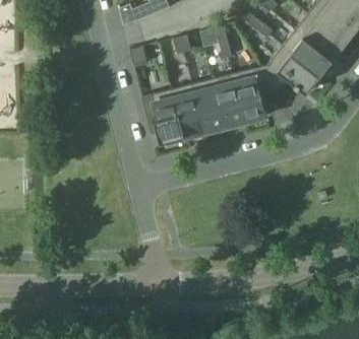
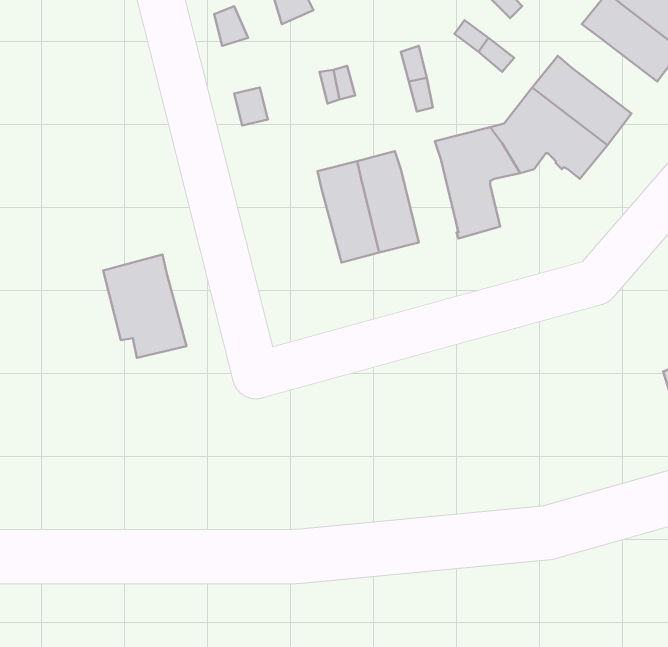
building: [295,14,346,60] -> none
building: [212,74,244,126] -> none
building: [141,89,184,142] -> [103,255,186,358]

